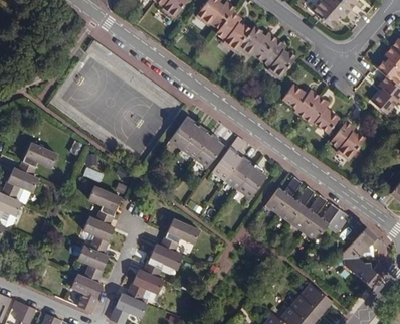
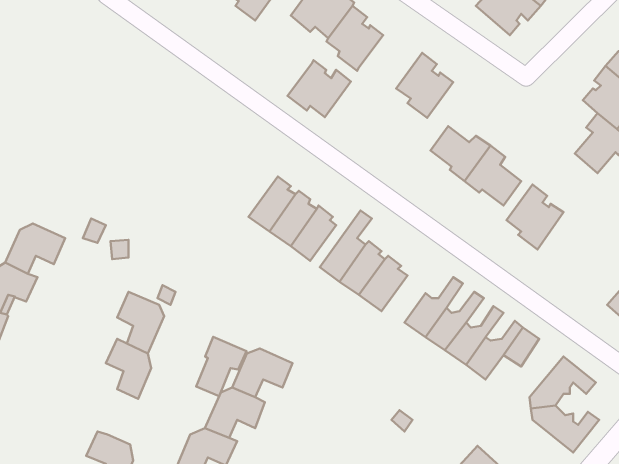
building: [237,25,276,60] -> [287,60,351,117]
building: none -> [196,337,247,396]
building: [75,244,105,281] -> none

